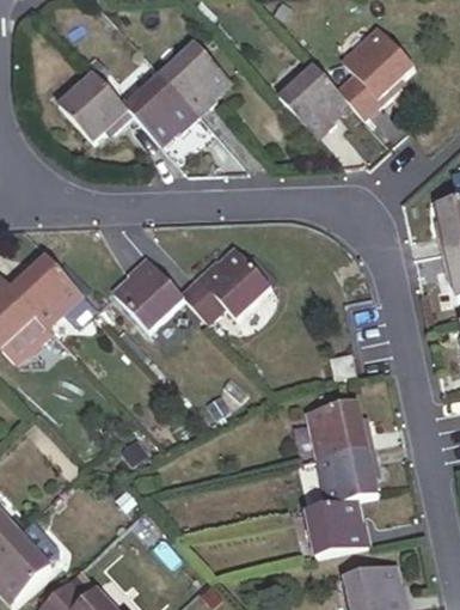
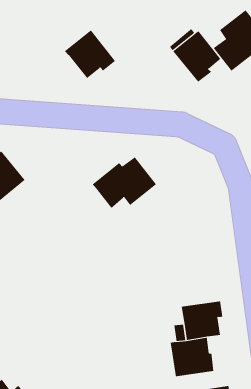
building: [162,42,229,115] -> none
building: [60,73,133,142] -> none
building: [116,256,185,330] -> none
building: [308,401,374,457] -> none

